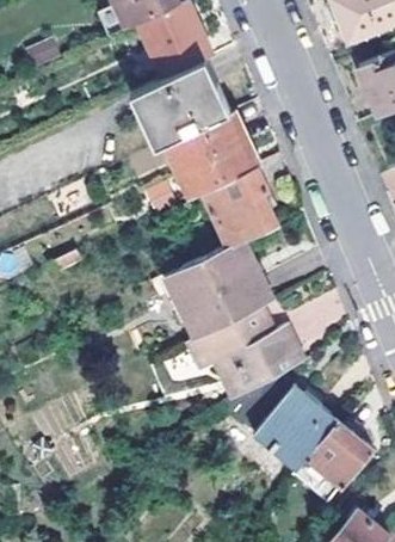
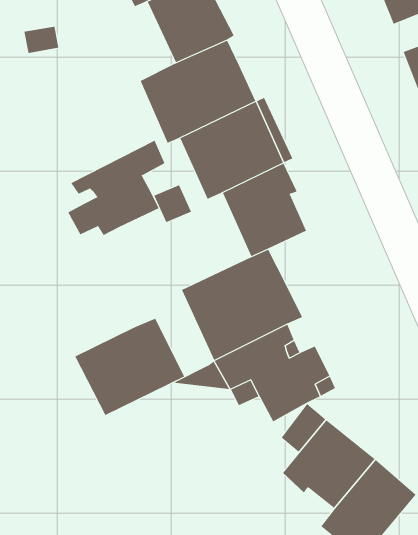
building: none -> [67,140,165,236]
building: none -> [75,318,185,416]

